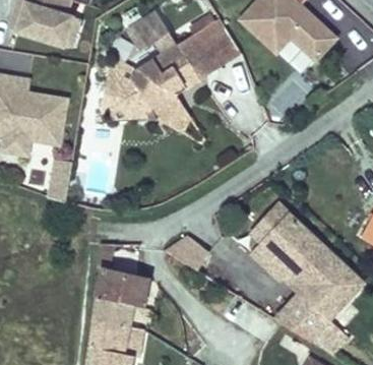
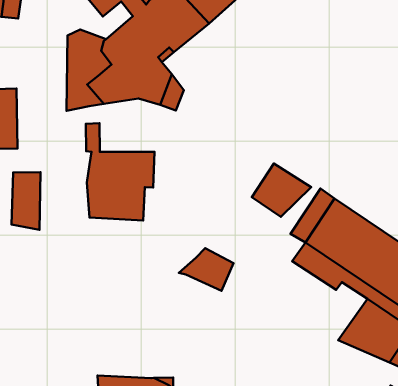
building: none -> [252,163,311,217]
building: [92,248,148,326] -> [86,123,155,220]

